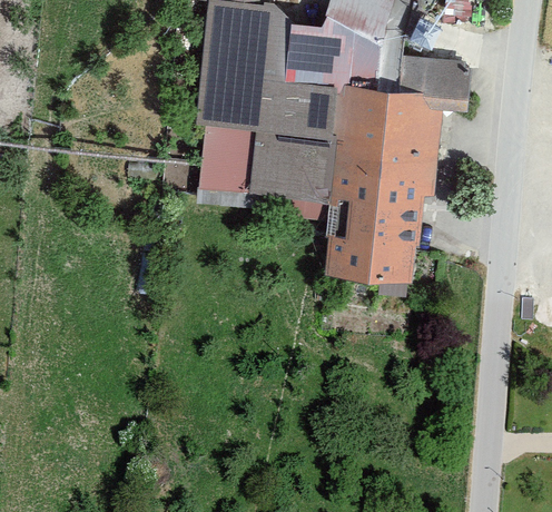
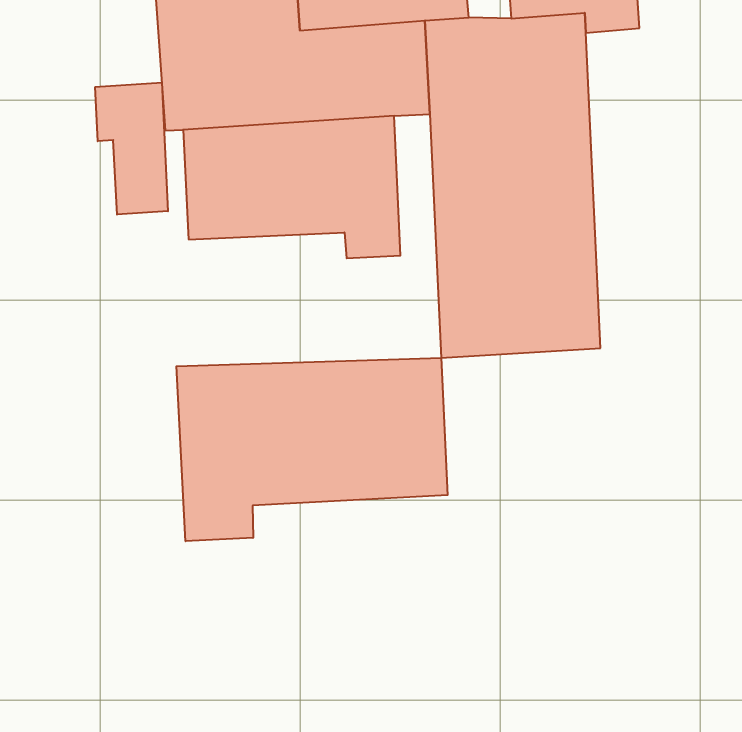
building: none -> [95,82,168,215]
building: none -> [176,358,448,541]

